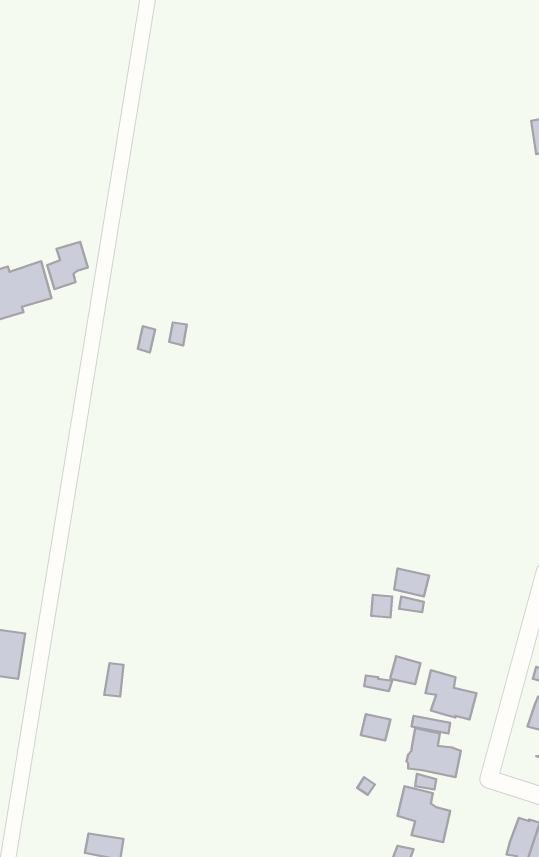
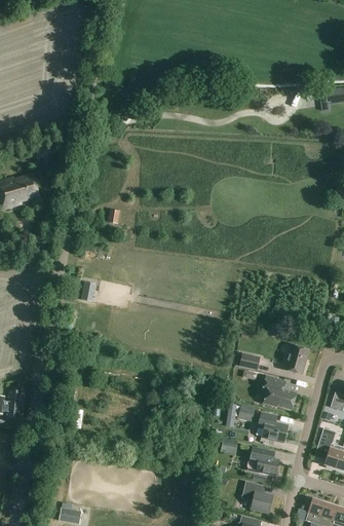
building: [47,242,88,289] -> none
building: none -> [283,343,308,373]
building: none -> [261,375,296,409]

